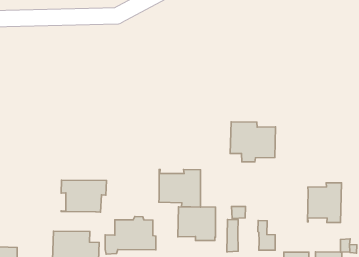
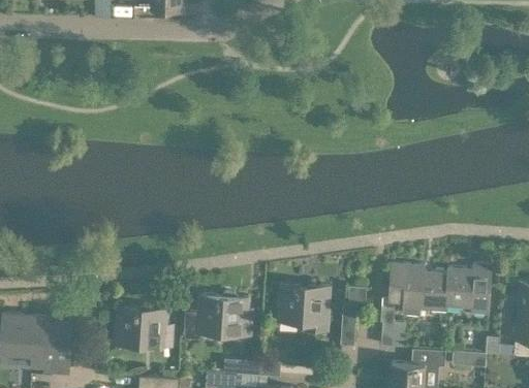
building: [230,122,276,162] -> [387,263,447,316]
building: [159,170,201,207] -> none
building: [61,180,107,212] -> none

